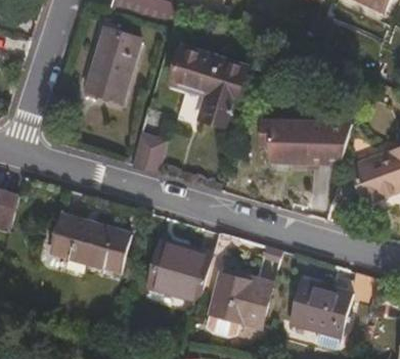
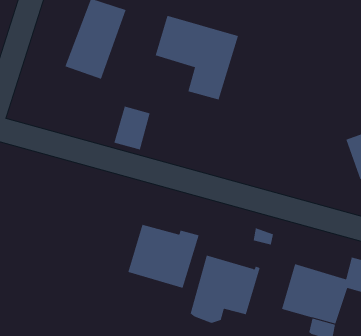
building: [260,121,349,161] -> none
building: [46,213,127,272] -> none

